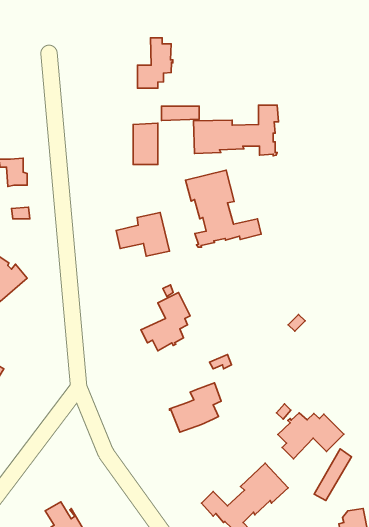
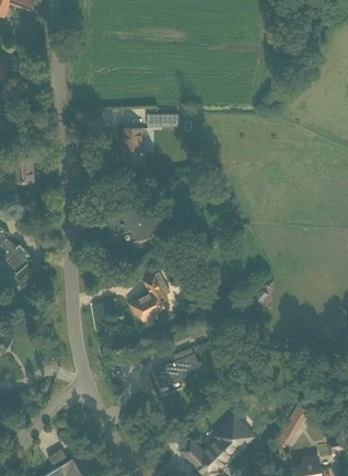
building: [137,38,173,88] -> none
building: [193,105,278,156] -> none
building: [185,170,261,247] -> none
building: [278,413,344,459] -> none

